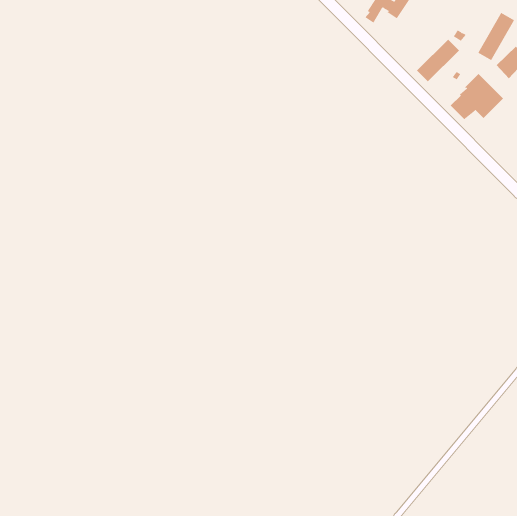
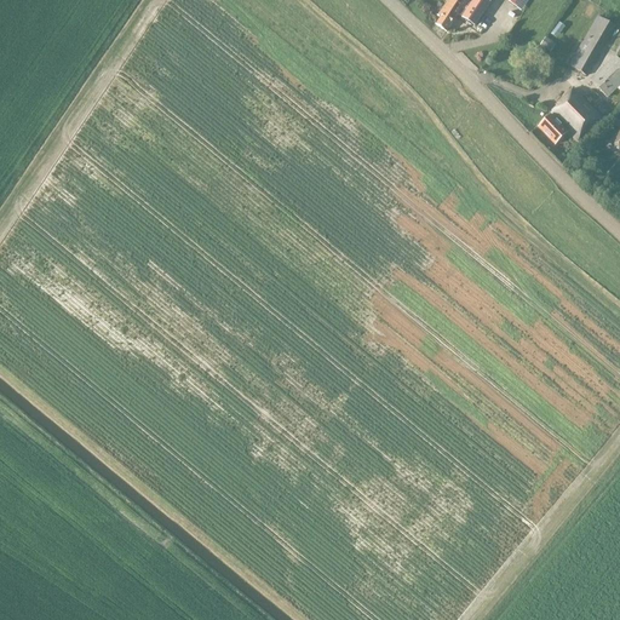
building: [416,39,460,82] -> none

